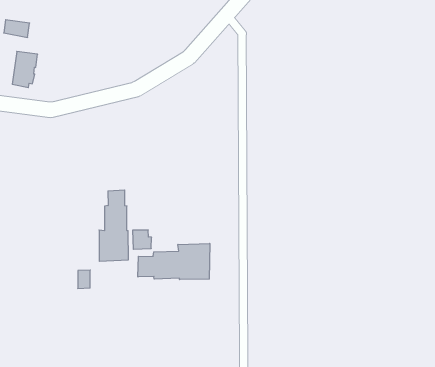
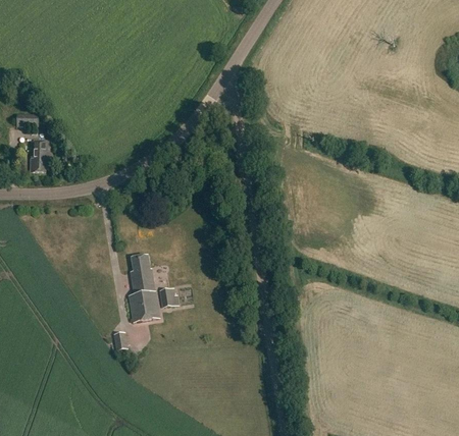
building: [138,243,210,280] -> none

